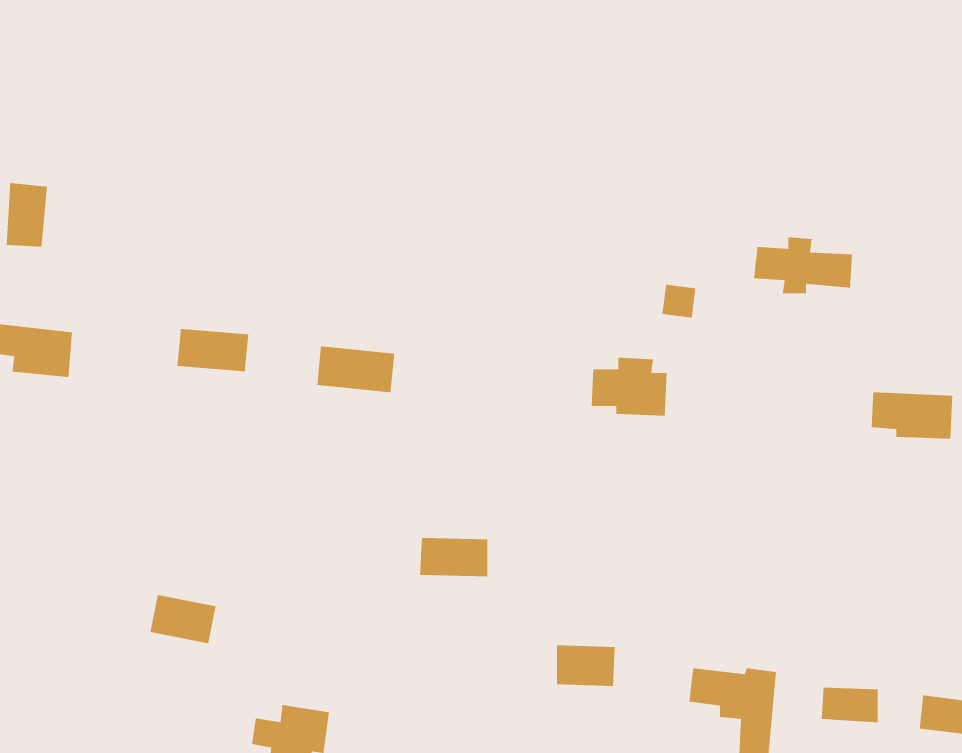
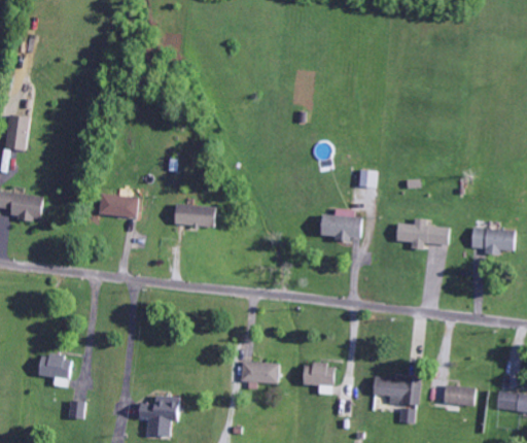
building: [753,237,853,294] -> [395,217,449,248]
building: [419,537,488,577] -> [241,361,278,382]
building: [149,594,217,644] -> [36,352,72,379]

